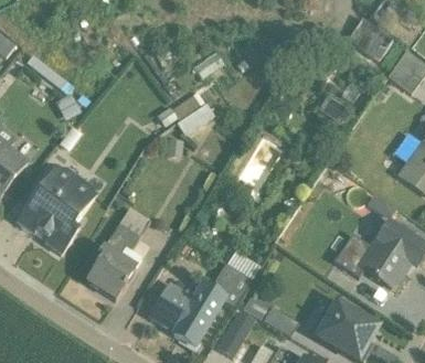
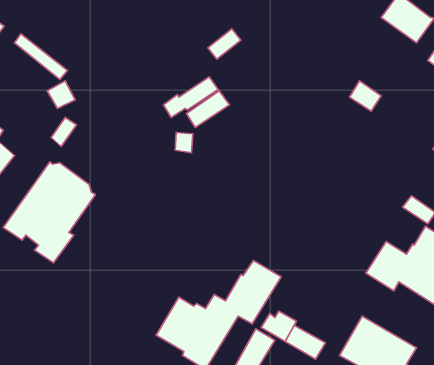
building: [86,206,150,299] -> none

